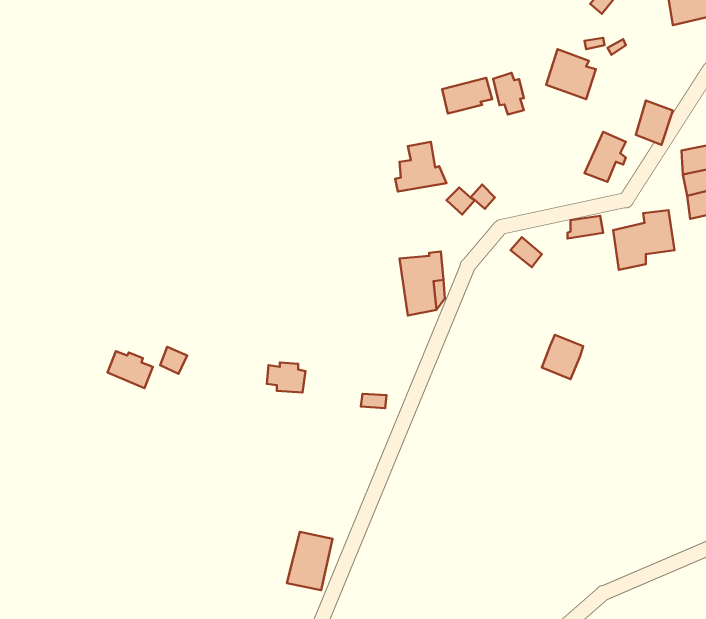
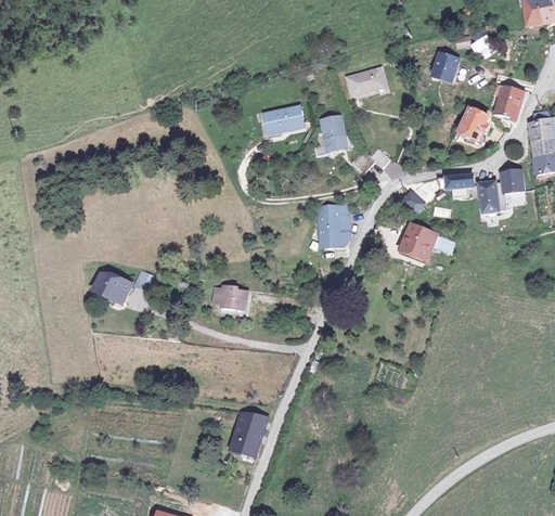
building: [493,73,524,114] -> none
building: none -> [266,107,302,133]
building: [542,335,583,379] -> [402,222,434,256]

